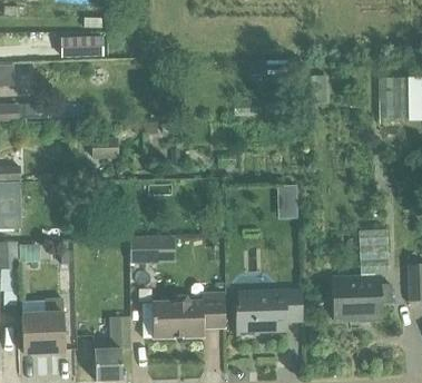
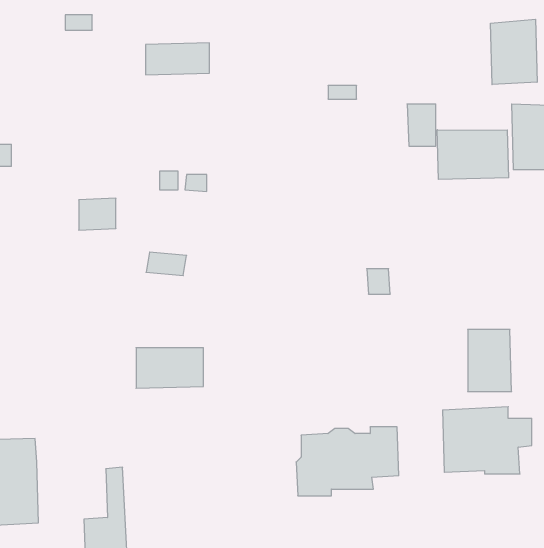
building: none -> [491,19,537,85]
building: [61,35,104,56] -> [146,43,209,75]
building: none -> [437,130,509,179]
building: [141,293,225,338] -> none

